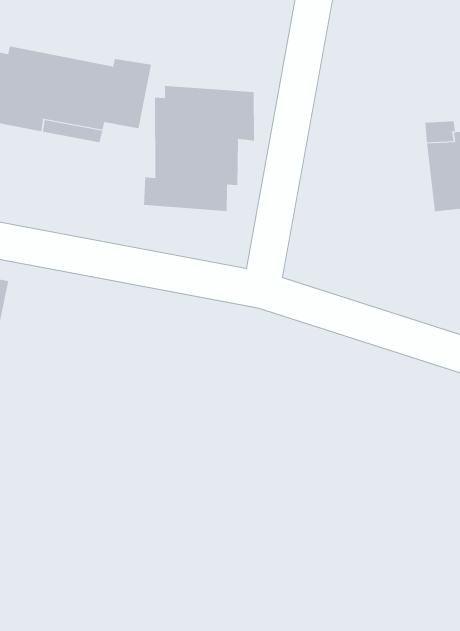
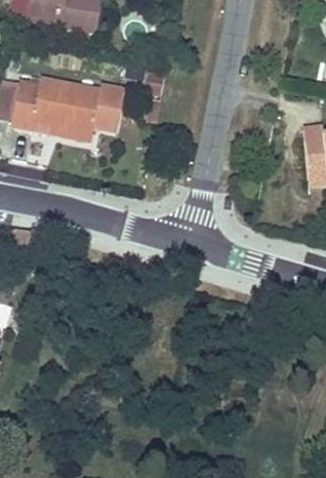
building: [144,85,255,212] -> none

